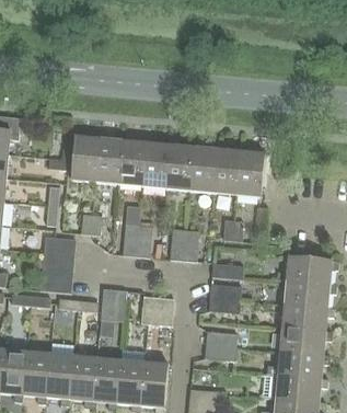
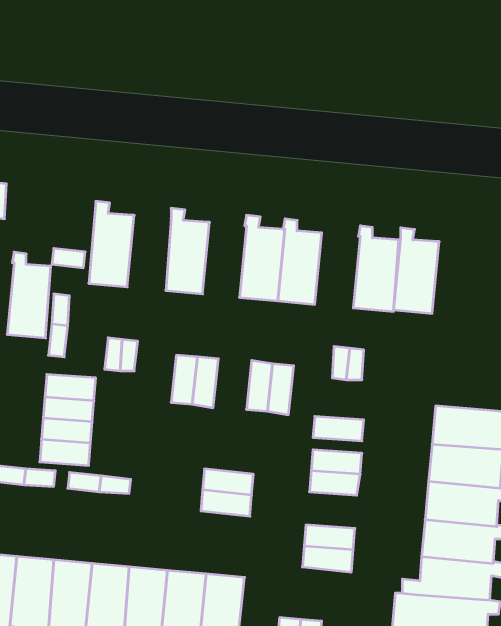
building: [95,130,123,184] -> [7,252,51,338]
building: [142,135,170,188] -> none
building: [212,141,241,195] -> [394,228,439,313]
building: [101,288,127,321] -> none

